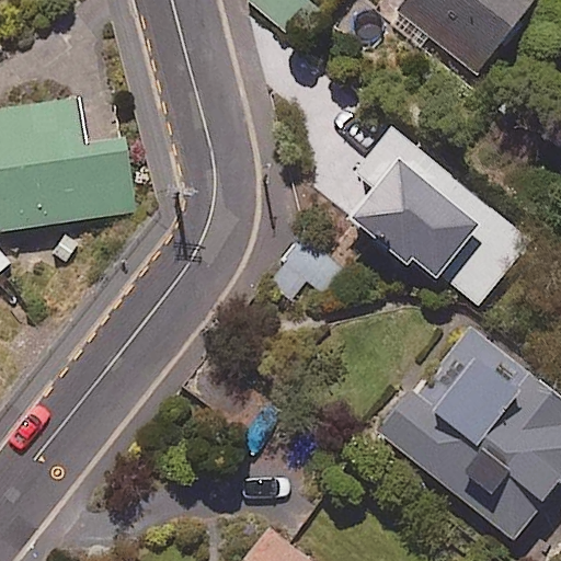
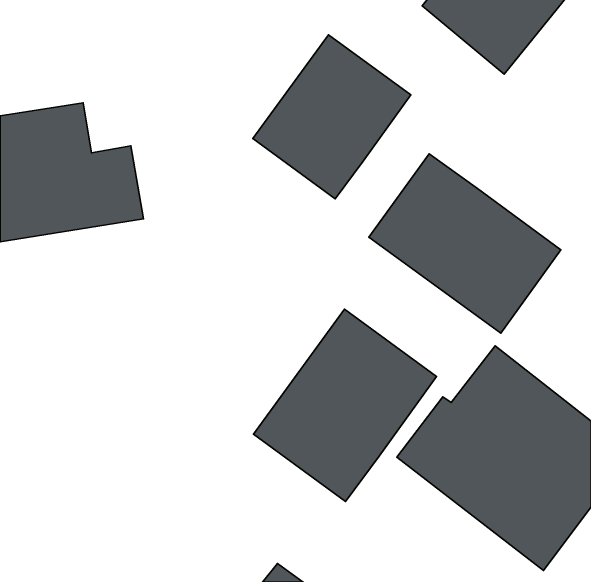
building: none -> [253,35,411,199]
building: none -> [253,309,436,502]

